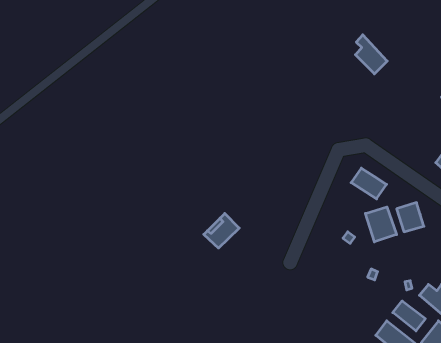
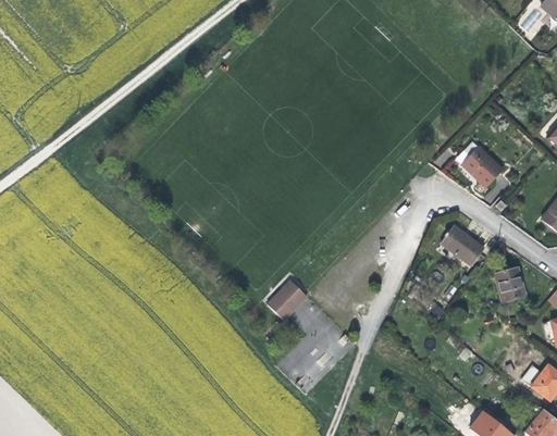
building: [355,35,387,74] -> [462,141,500,188]
building: [365,207,397,242] -> none
building: [393,301,425,331] -> none

